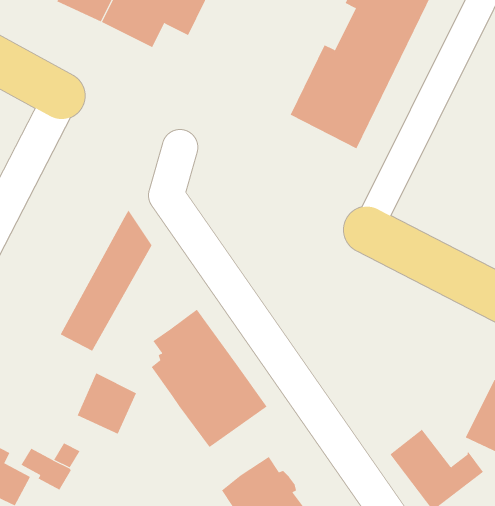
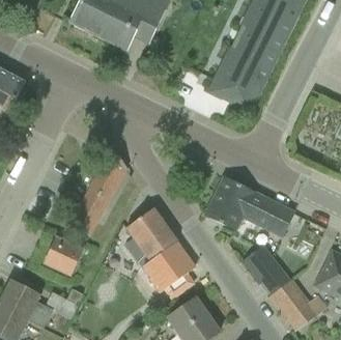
building: none -> [204,176,293,235]
building: none -> [241,245,288,295]
building: [77,373,137,434] -> [45,236,81,274]

